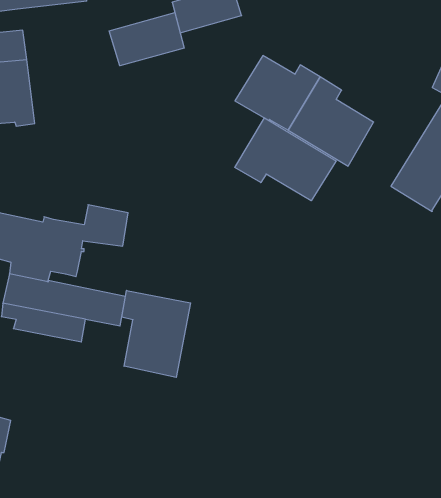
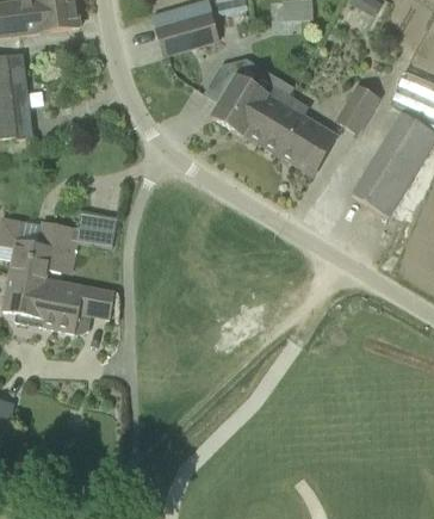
building: [109,12,184,66] -> none
building: none -> [333,82,379,134]
building: [235,118,336,201] -> none
building: [122,290,191,377] -> none

